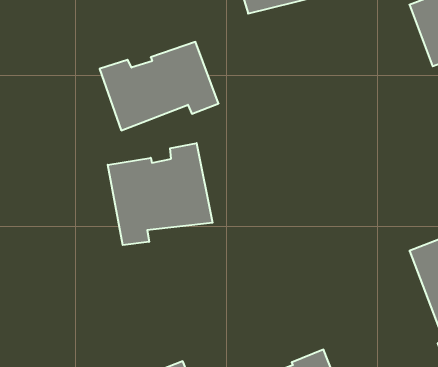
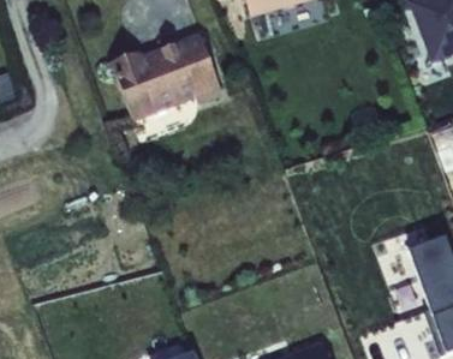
building: [108,143,213,245] -> none

